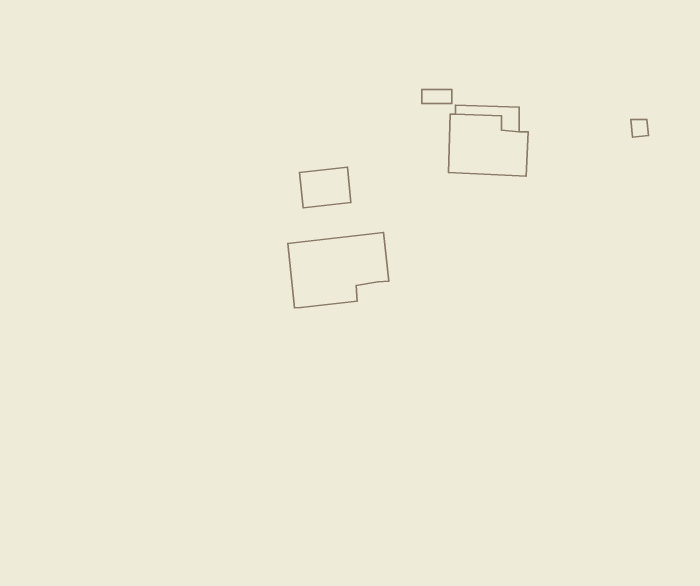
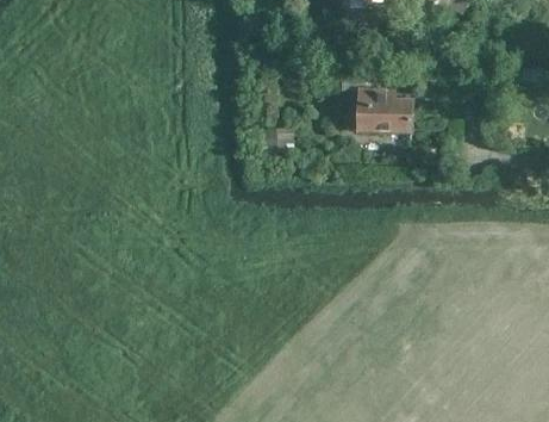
building: [288,232,389,308] -> none

